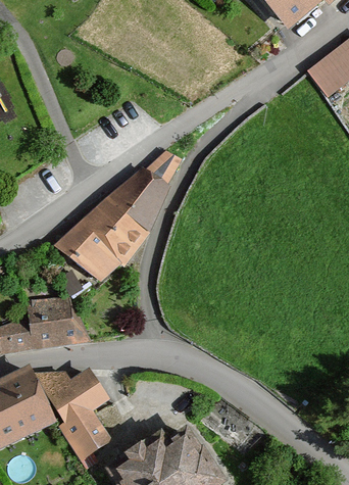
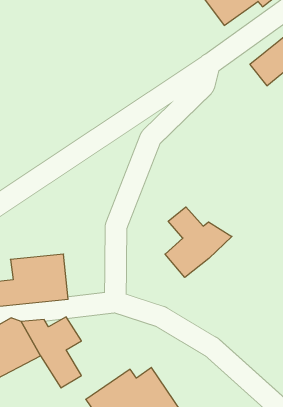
building: [49,150,185,285] -> none
building: none -> [165,207,232,277]

